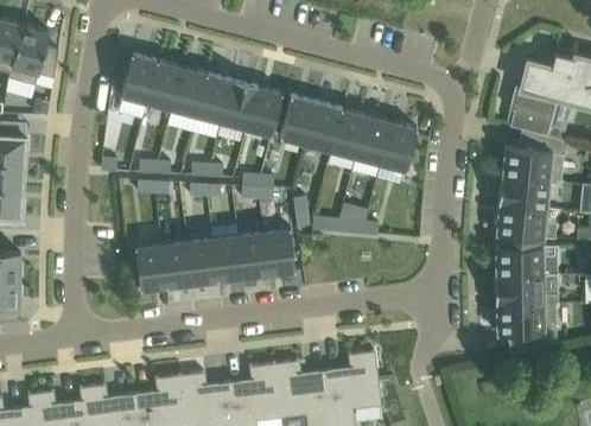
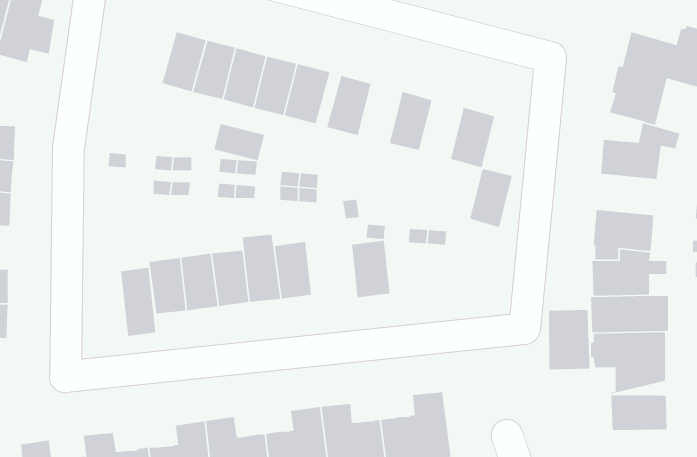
building: [120,55,157,103] -> none
building: [305,103,341,152] -> none
building: [355,116,390,165] -> [469,168,513,228]
building: none -> [213,123,265,161]
building: [495,177,548,210] -> none
building: [262,228,294,275] -> [351,240,390,298]
building: none -> [120,267,156,337]
building: none -> [548,309,590,370]
building: none -> [610,394,667,431]

